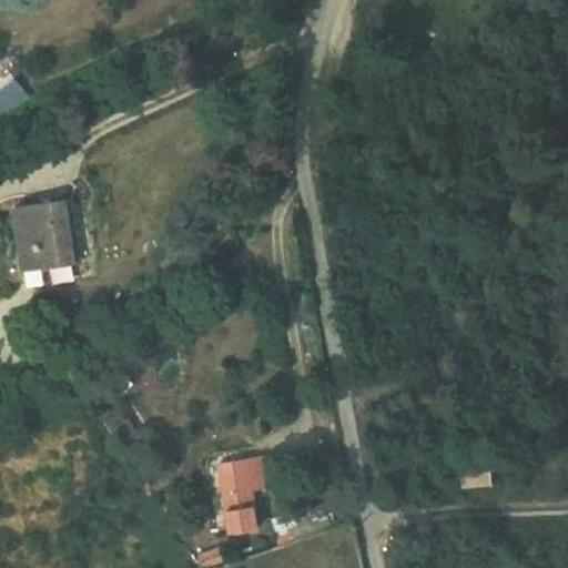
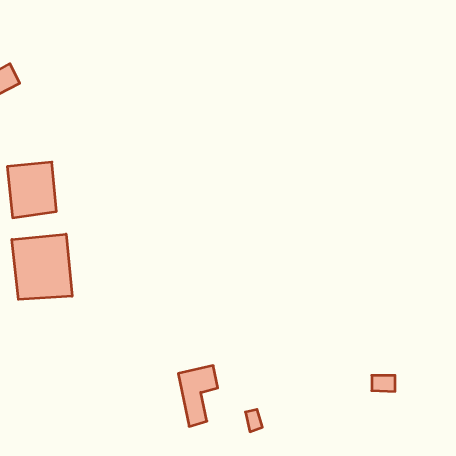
building: none -> [12,234,72,299]

